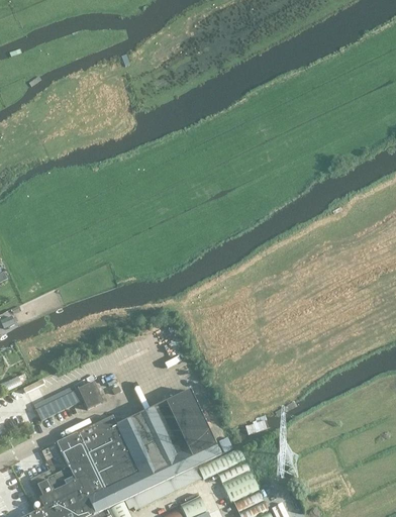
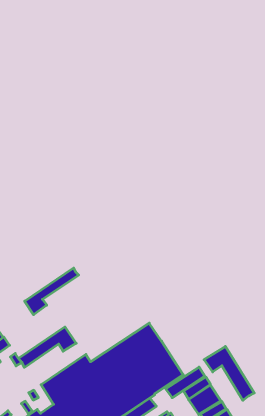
building: none -> [25,268,79,315]
building: none -> [204,346,254,400]

